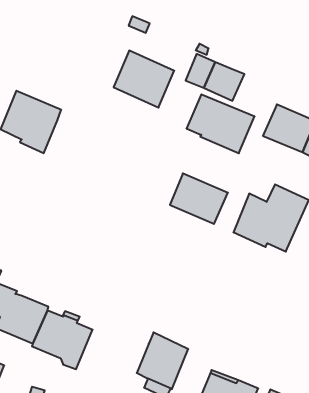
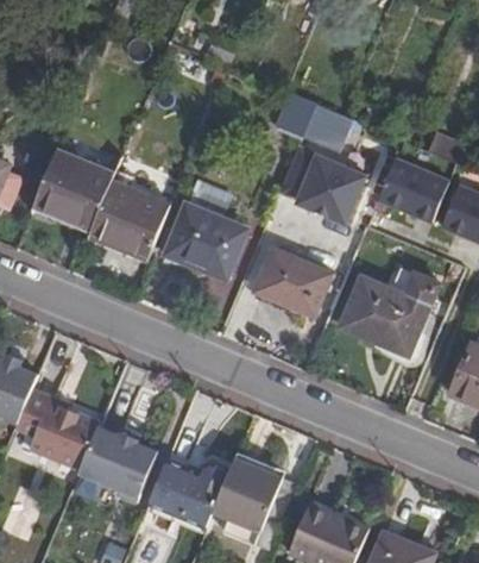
building: [114,51,174,108] -> [164,204,242,277]
building: none -> [92,181,168,258]
building: none -> [149,459,229,527]

